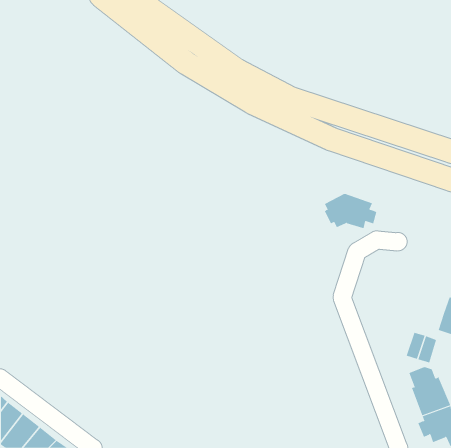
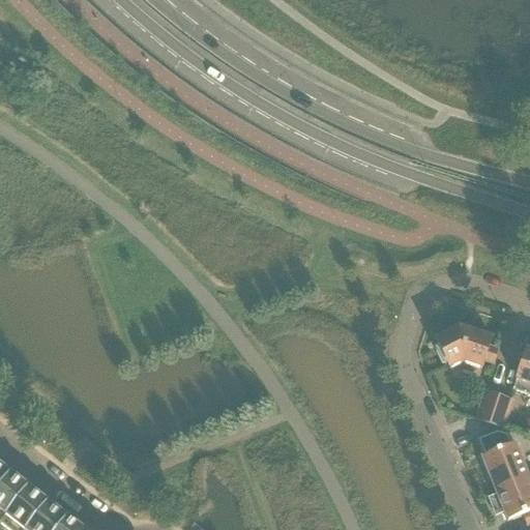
building: [324,193,377,229] -> [436,324,498,365]

